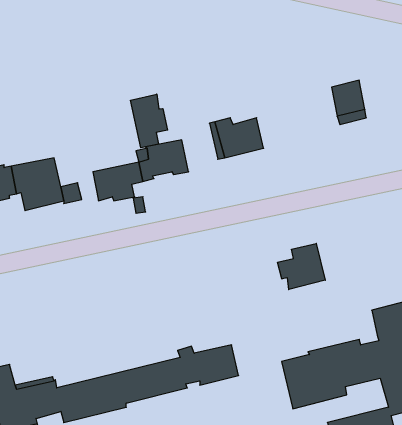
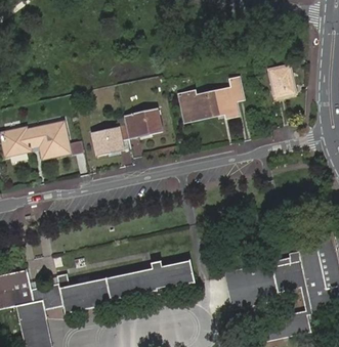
building: [131,94,168,148] -> none
building: none -> [209,77,239,117]
building: [278,243,325,290] -> none

